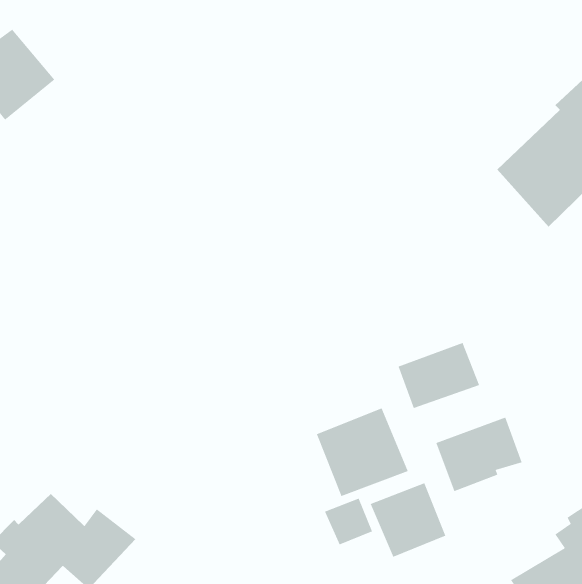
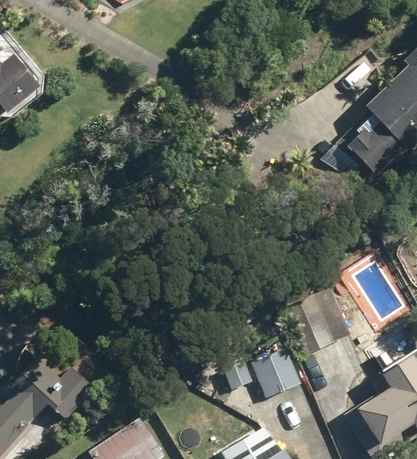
building: [398,342,480,409] -> none
building: [316,407,408,497] -> none

